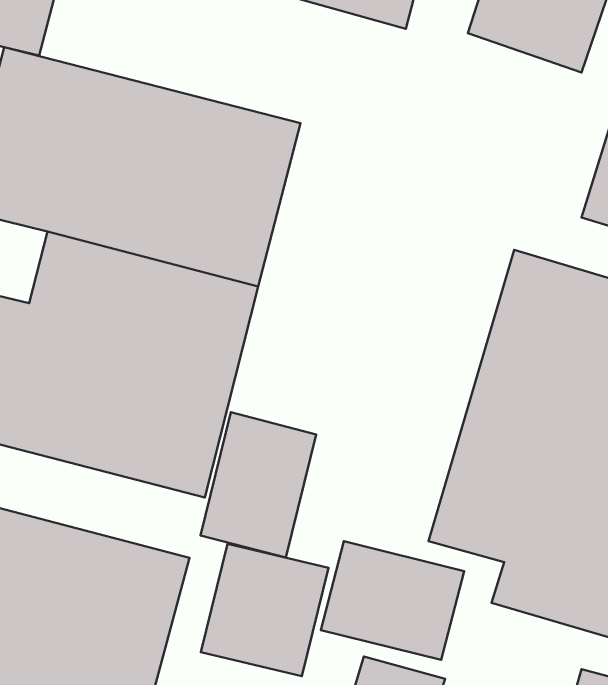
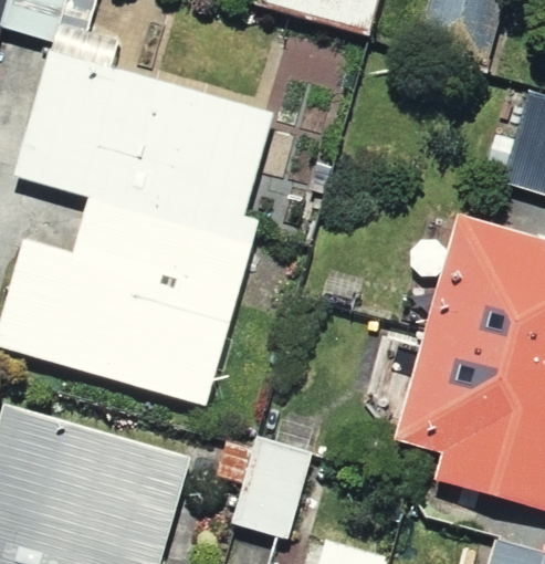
building: [200,412,316,558] -> none
building: [321,541,464,660] -> none

